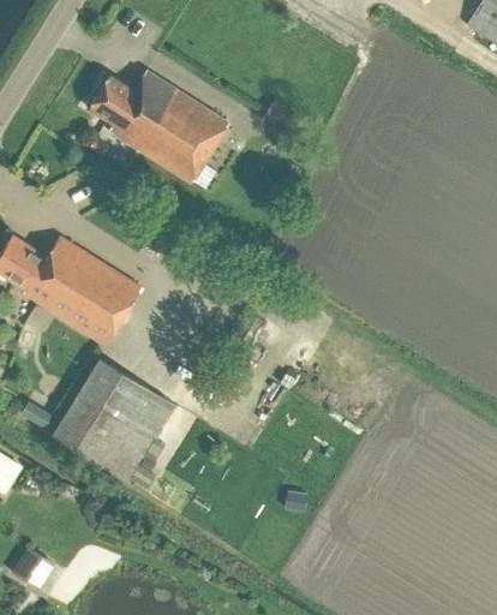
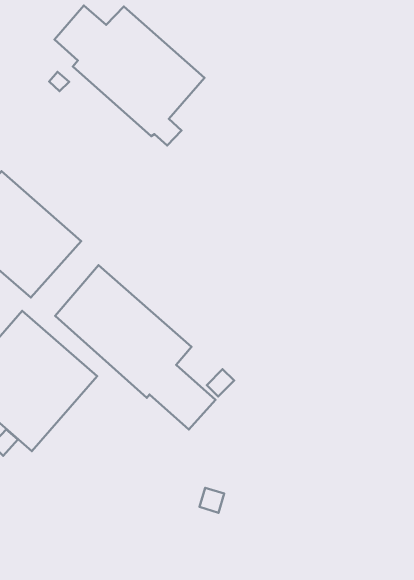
building: none -> [55,265,215,429]

